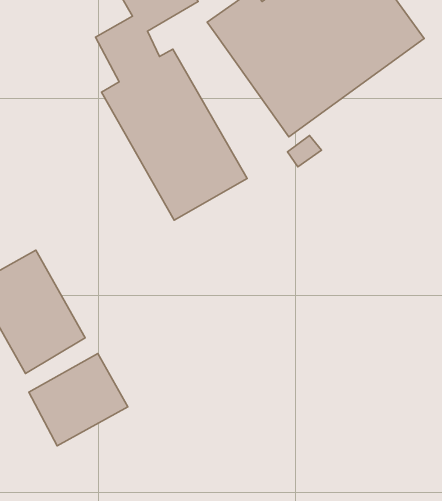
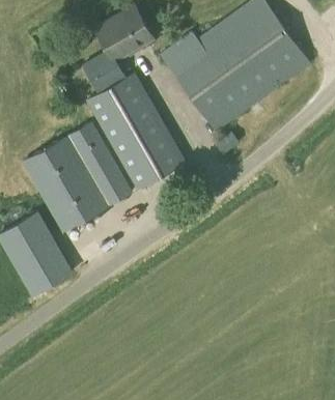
building: none -> [21,121,133,234]
building: [29,353,128,446] -> none

